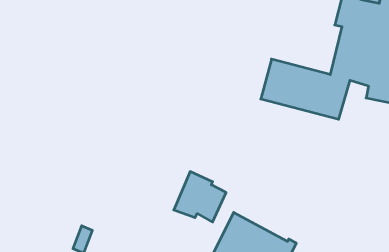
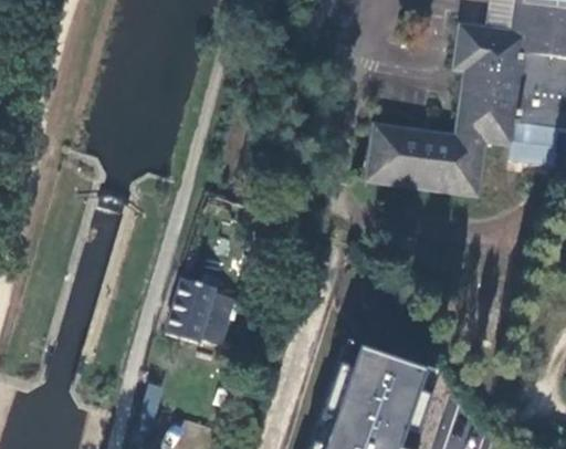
building: [174,172,226,222] -> [170,280,238,344]

